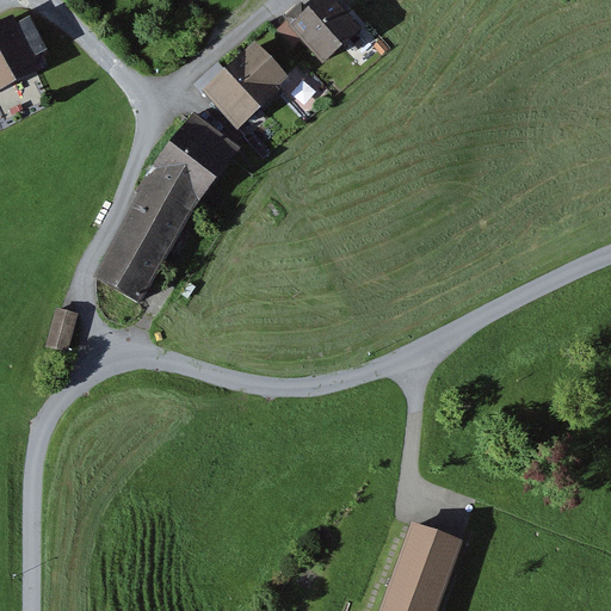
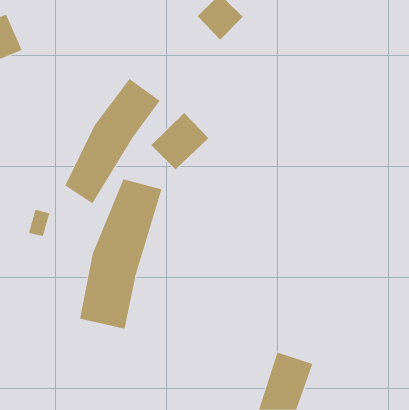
building: [203,42,290,128] -> [150,112,209,170]
building: none -> [79,179,162,329]

